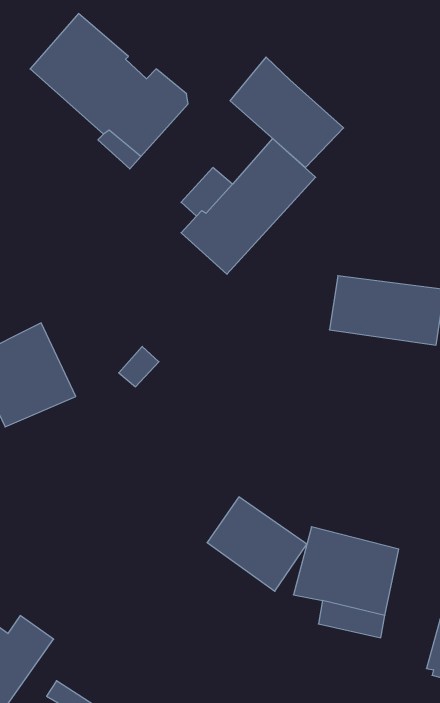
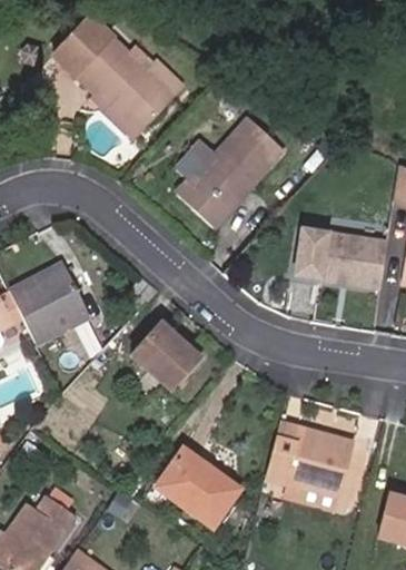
building: [230,57,344,167] -> none
building: none -> [132,324,200,392]
building: [207,497,307,591] -> [161,448,241,523]

